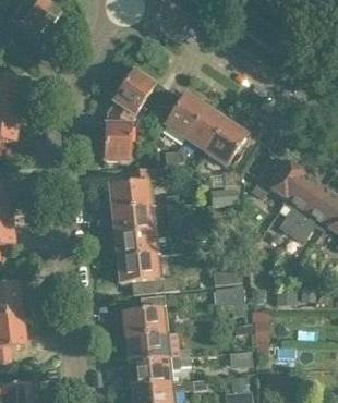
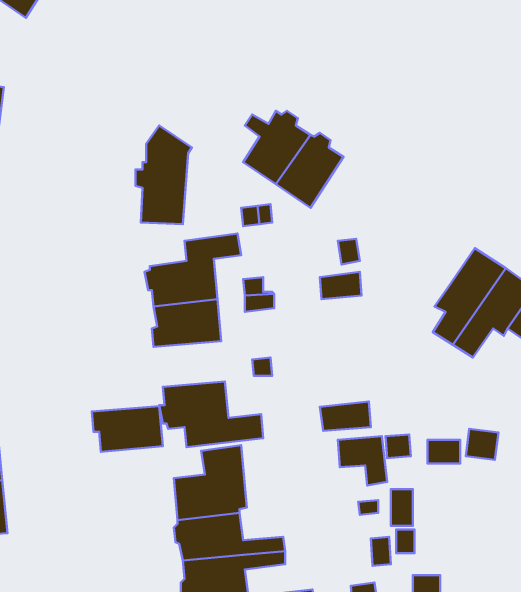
building: [113,71,156,115] -> none
building: [206,120,246,166] -> none
building: [254,157,305,199] -> none
building: [112,231,155,258] -> [92,406,163,452]

